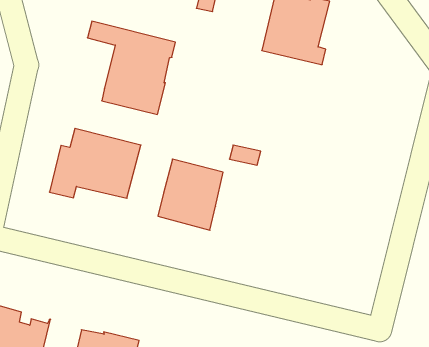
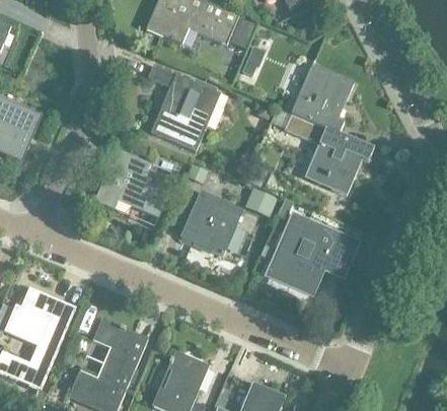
building: none -> [273,113,374,195]
building: none -> [268,216,356,293]

